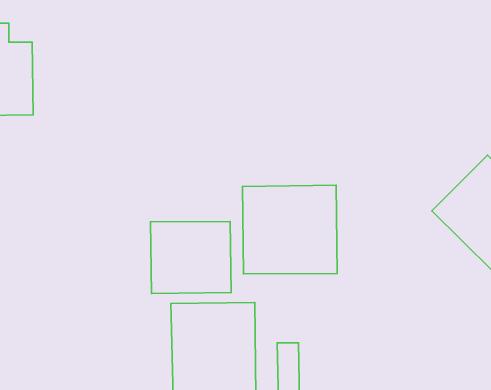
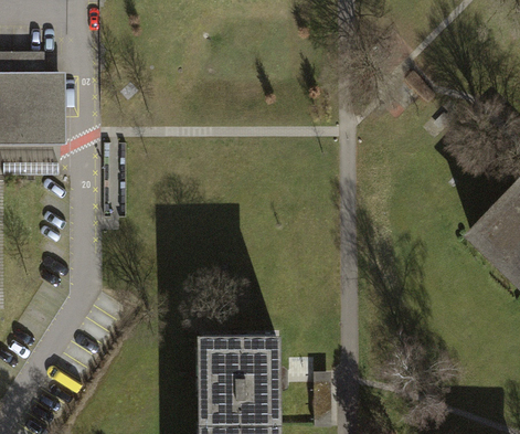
building: [242,185,337,274] -> none
building: [150,222,231,294] -> none

